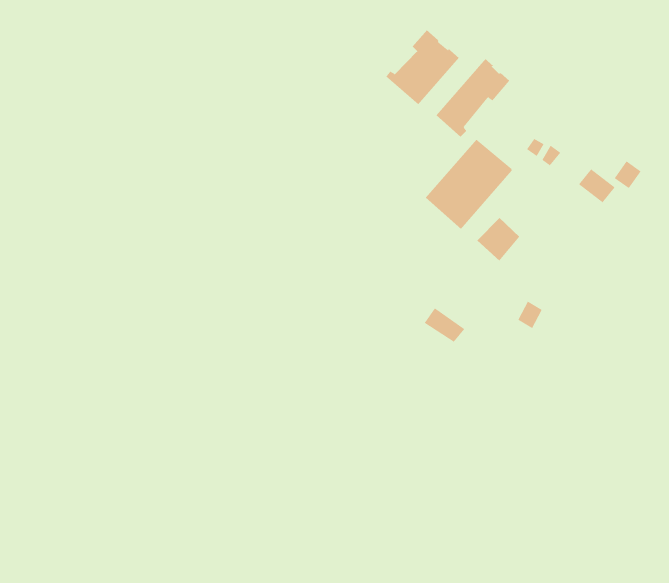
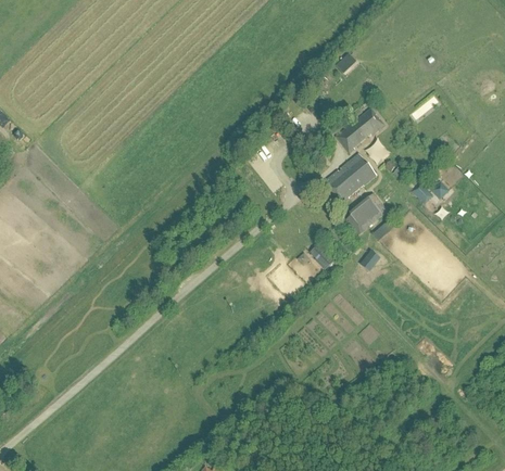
building: [385,30,459,105] -> none

